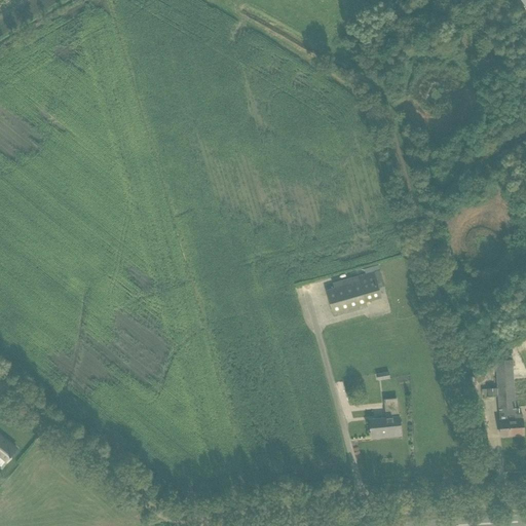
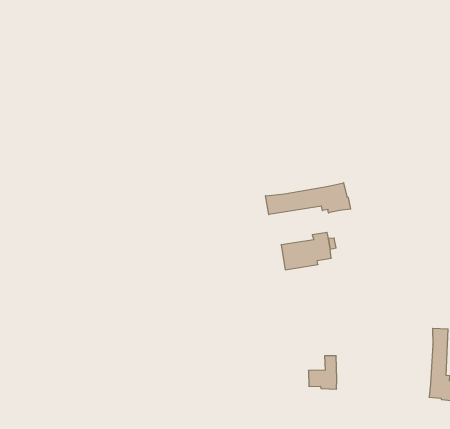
building: none -> [266,183,351,215]

